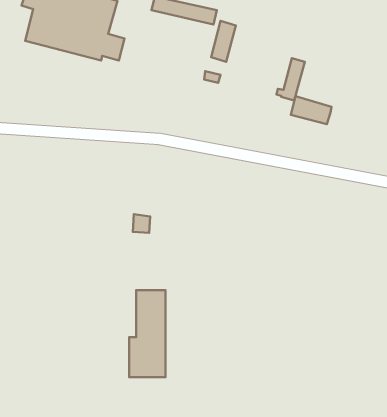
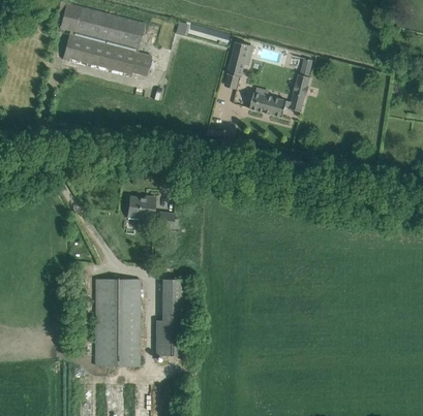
building: [291,96,332,124] -> [250,91,286,116]
building: none -> [128,195,155,219]
building: none -> [95,279,140,365]

